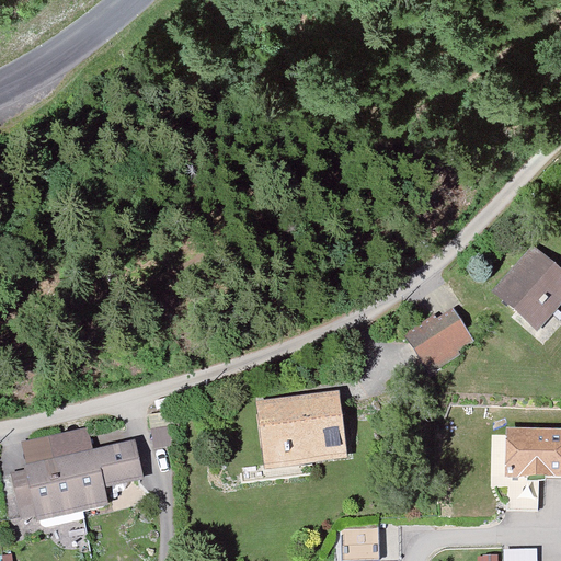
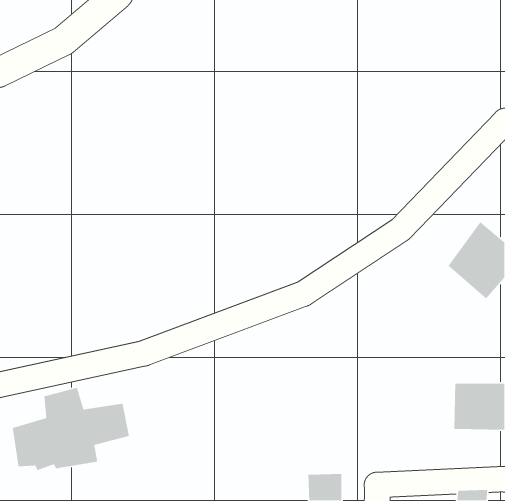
building: [412,298,481,362] -> none
building: [255,396,352,468] -> none

